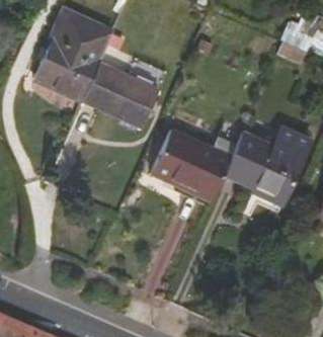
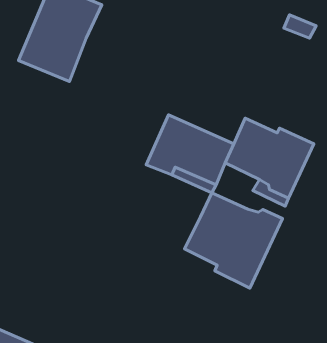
building: [82,59,159,123] -> none
building: none -> [185,193,283,288]

